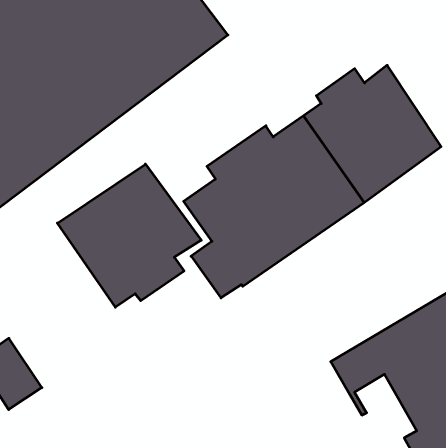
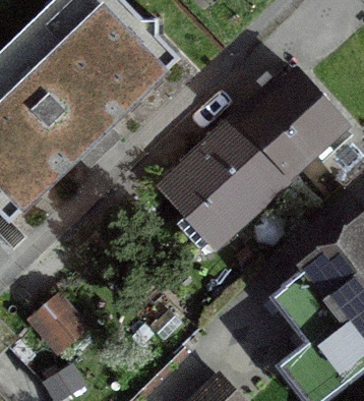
building: [57,164,201,307] -> none

